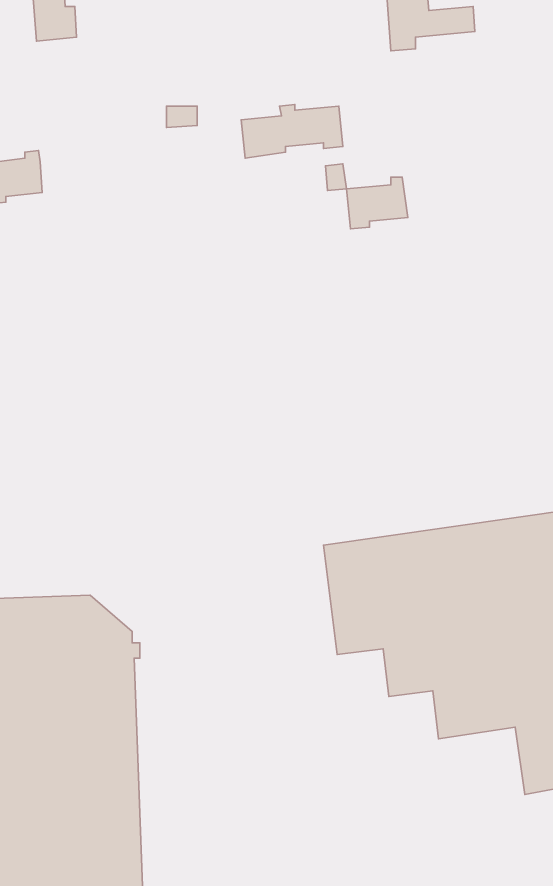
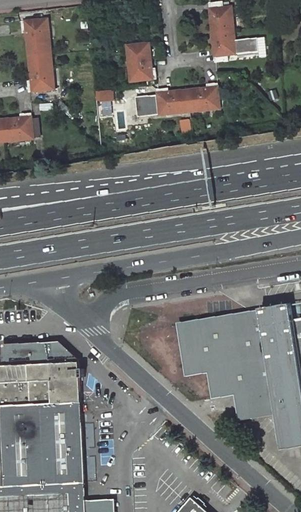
building: none -> [125,45,154,81]
building: none -> [26,54,51,91]
building: [347,177,408,229] -> [186,84,218,111]

